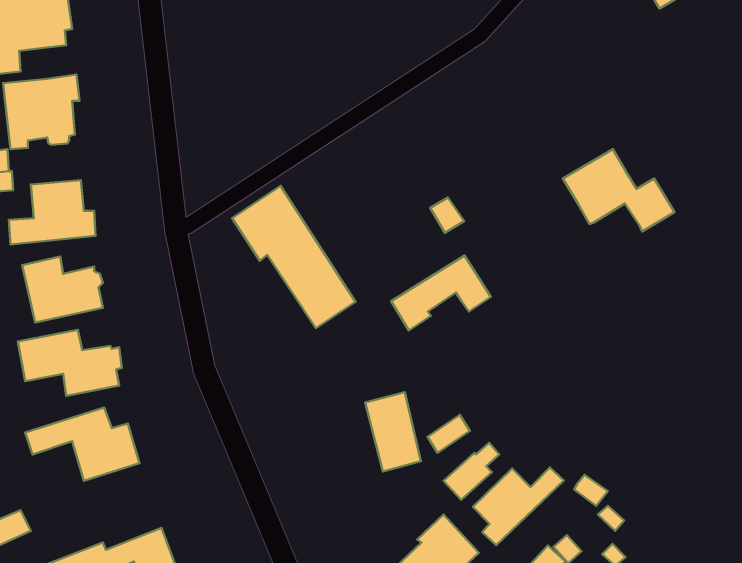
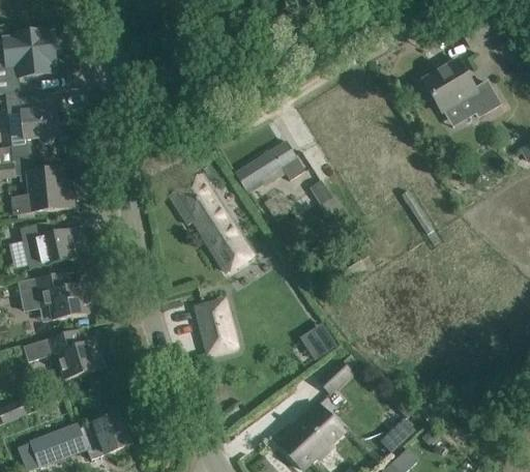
building: [563,149,675,231] -> [421,60,500,118]
building: [391,256,491,330] -> [234,142,304,195]
building: [365,392,421,471] -> [195,298,234,354]
building: [473,468,564,545] -> none

